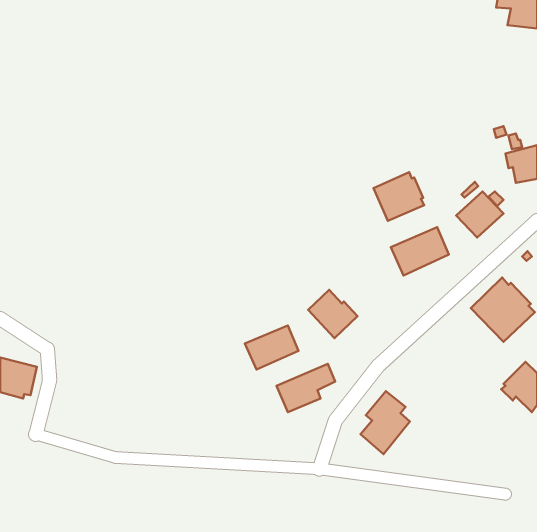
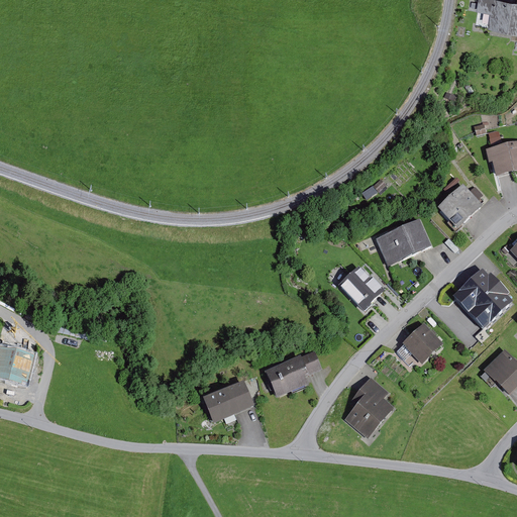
building: [374,172,424,221] -> none
building: [308,290,357,338] -> [338,265,386,311]
building: [245,326,299,370] -> [203,380,254,422]
building: none -> [403,322,443,363]

